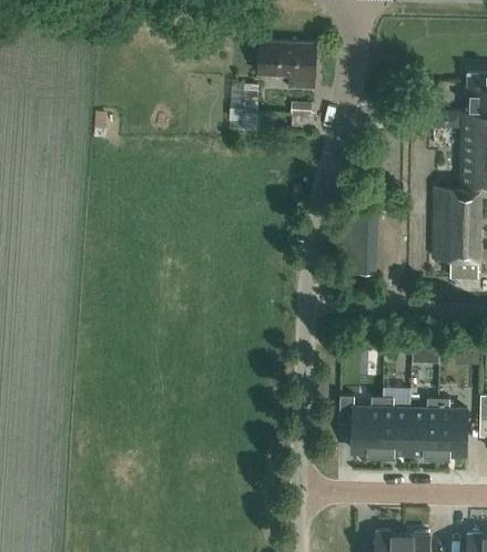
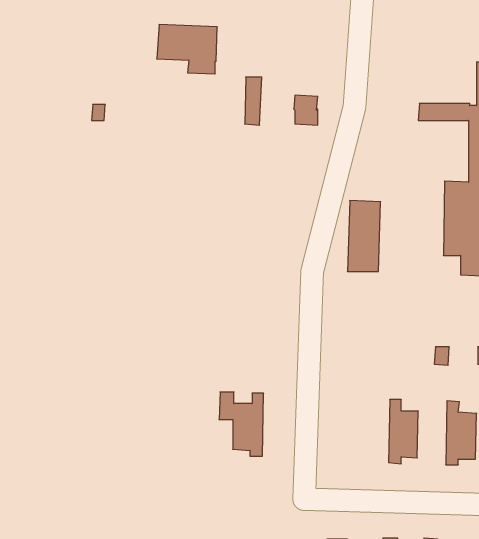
building: [257,41,316,89] -> [157,25,217,74]
building: [339,397,383,459] -> [219,392,264,456]
building: [409,399,438,461] -> none

